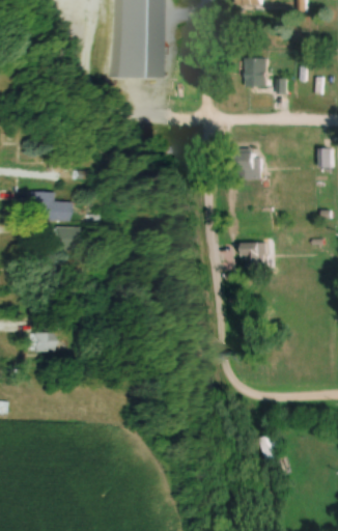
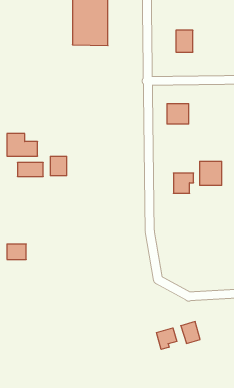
building: none -> [50,156,67,176]
building: none -> [200,161,222,185]
building: none -> [157,328,177,349]

